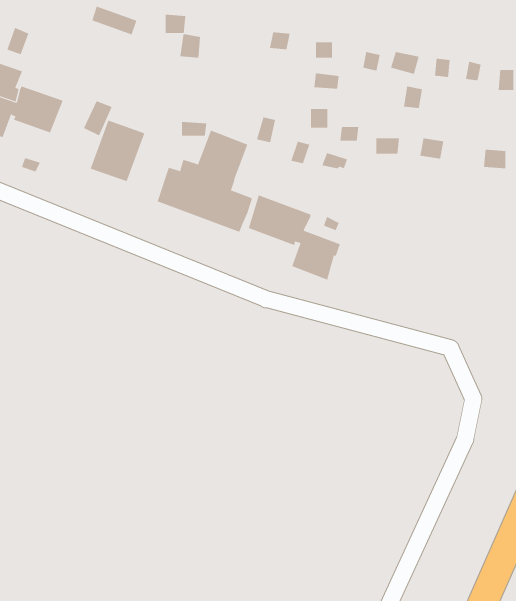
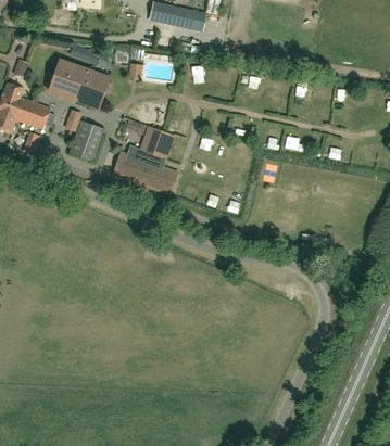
building: none -> [48,61,110,109]
building: [248,195,340,280] -> none

